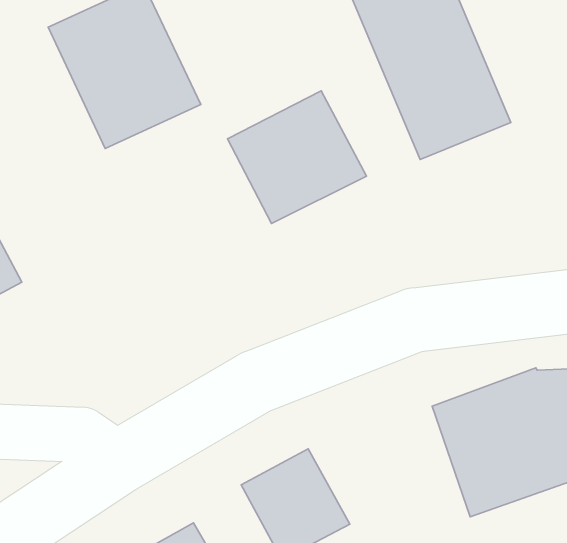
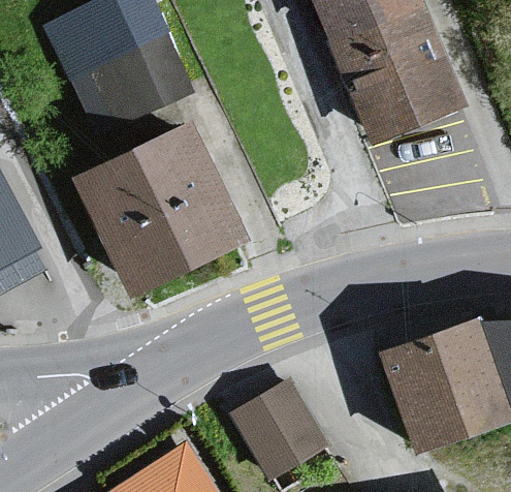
building: [228,91,366,223] -> none
building: none -> [86,127,246,289]

